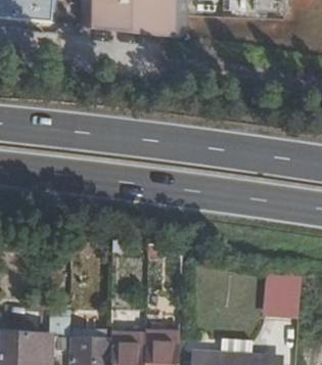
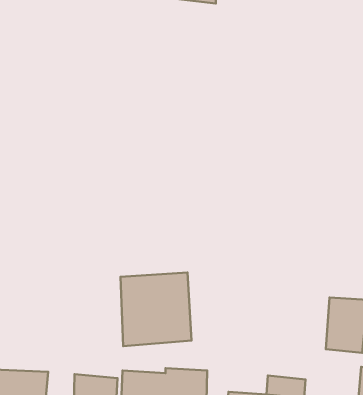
building: none -> [121,272,192,346]

